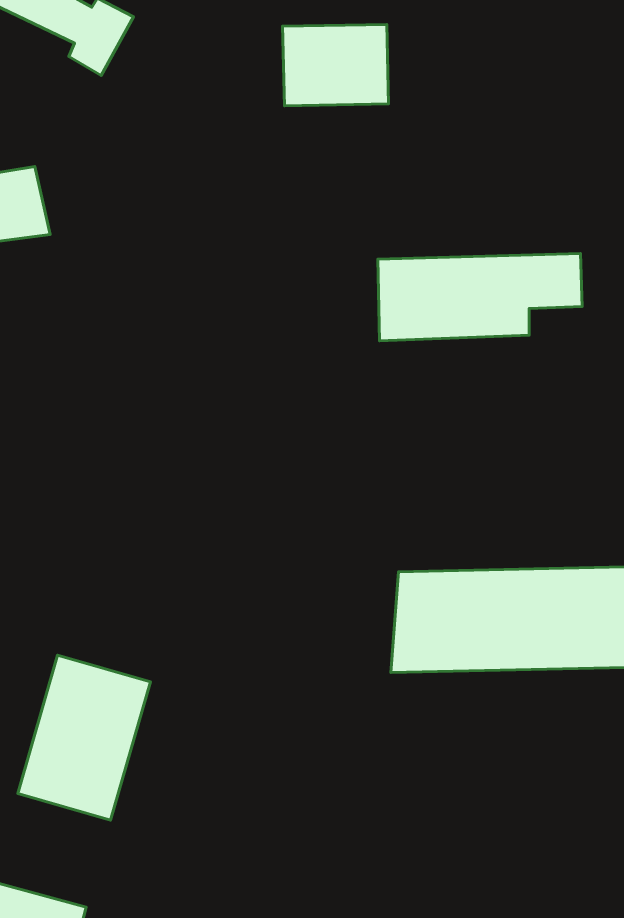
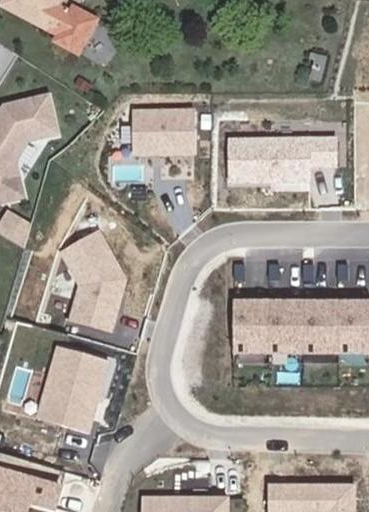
building: [283,24,389,106] -> [132,109,188,152]
building: none -> [62,233,123,330]

